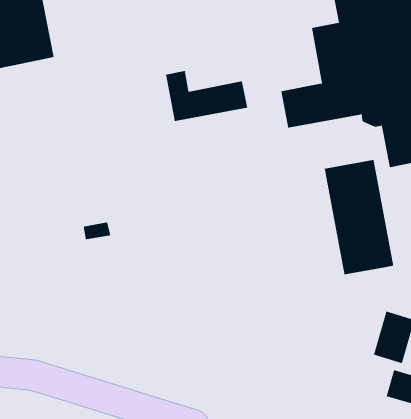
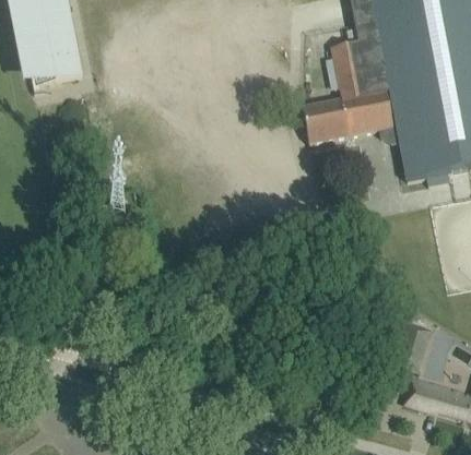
building: [165,70,248,122] -> none
building: [324,159,394,275] -> none

